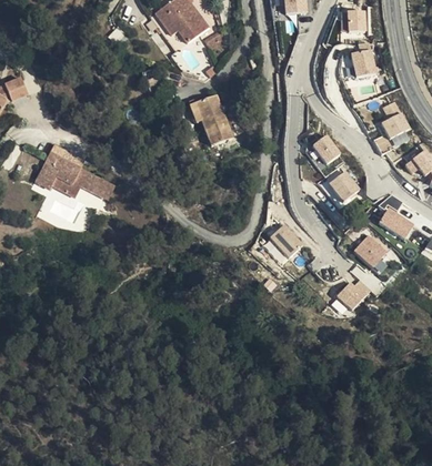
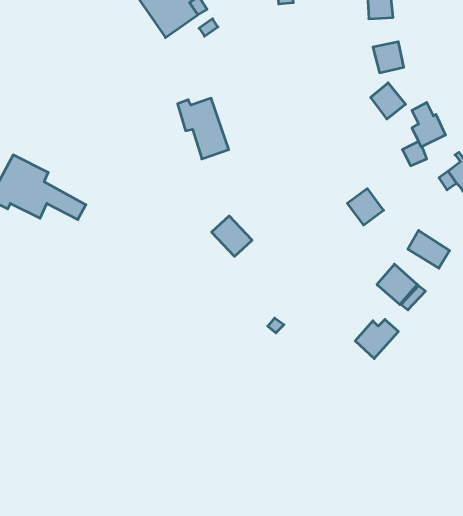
building: [312,135,341,165] -> [371,83,406,119]
building: [270,224,303,257] -> [212,216,252,256]

